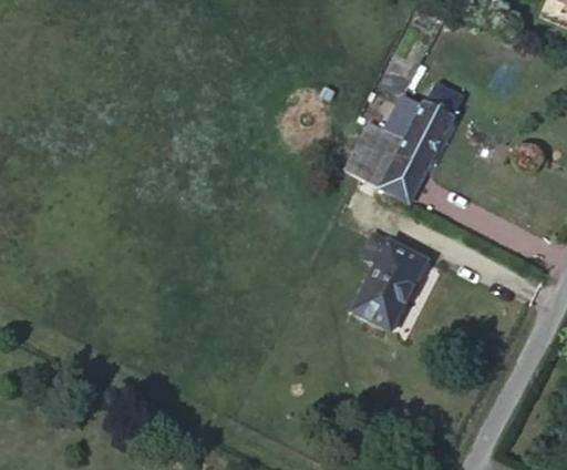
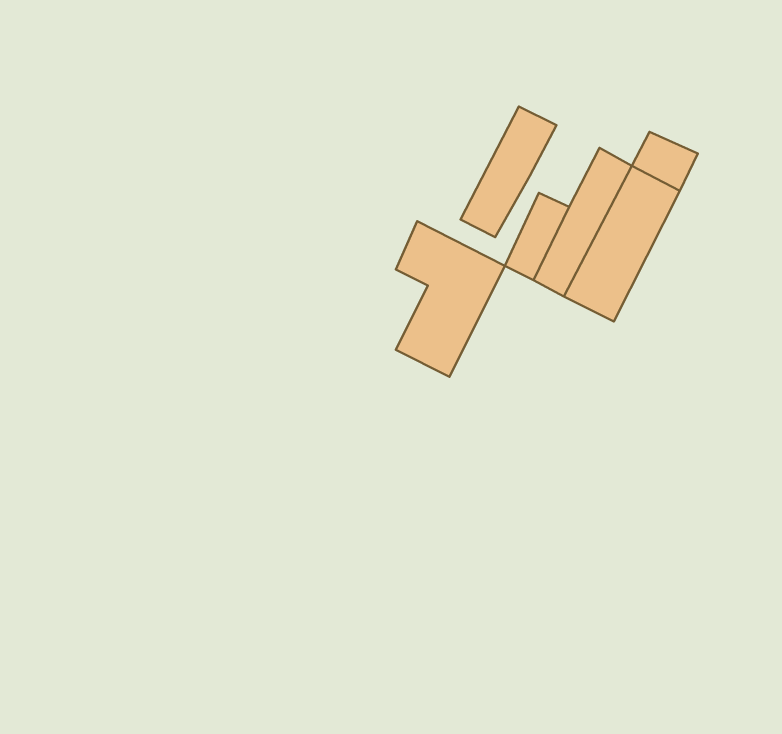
building: none -> [460,106,557,237]
building: [354,231,422,327] -> [396,221,505,377]

